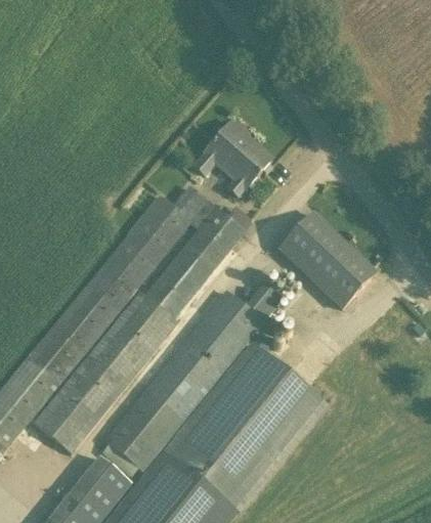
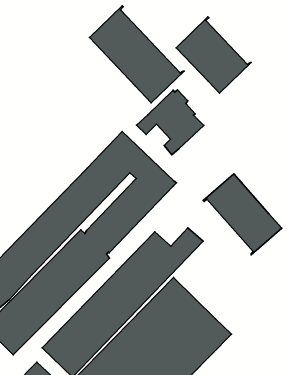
building: none -> [89,6,184,103]
building: none -> [176,17,251,93]

